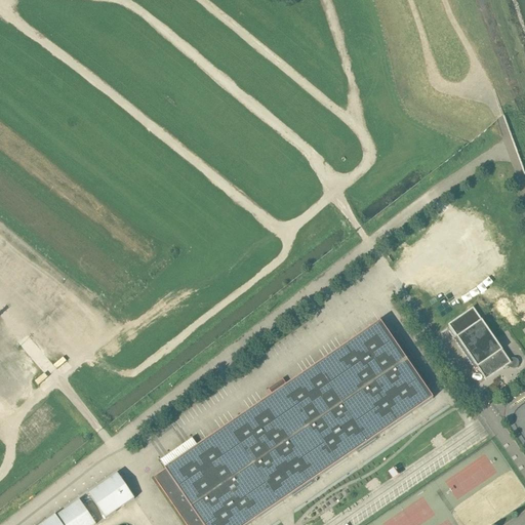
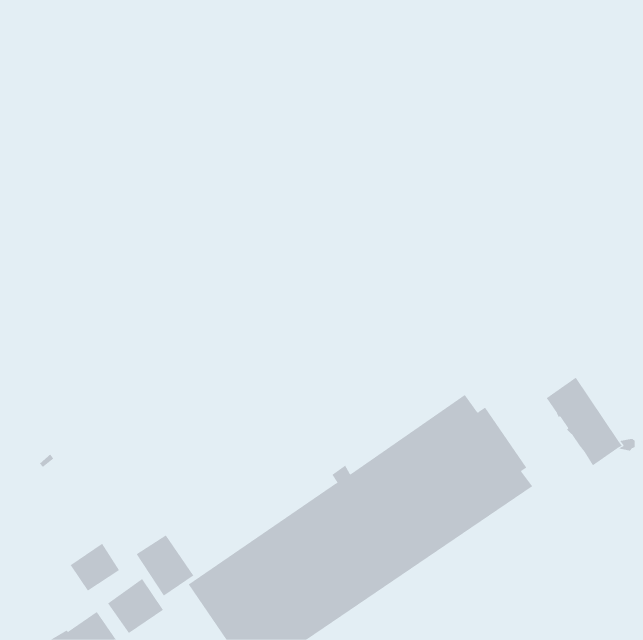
building: none -> [136,535,194,596]
building: none -> [70,543,120,591]

